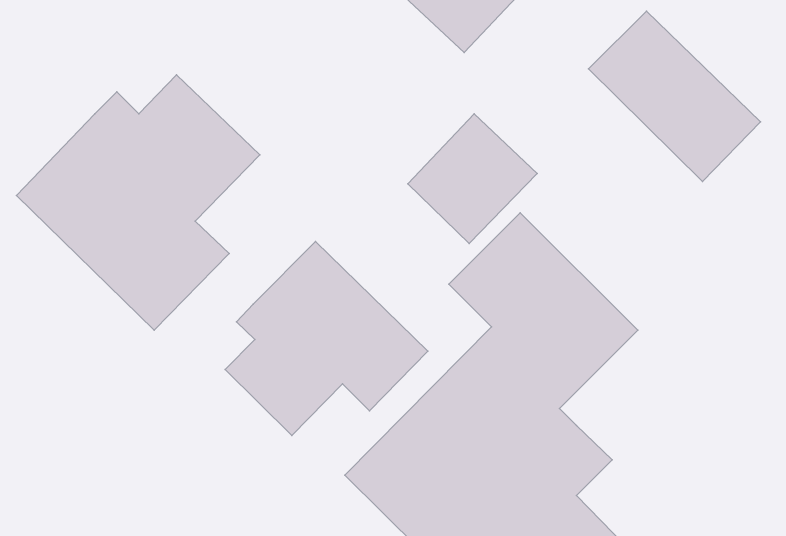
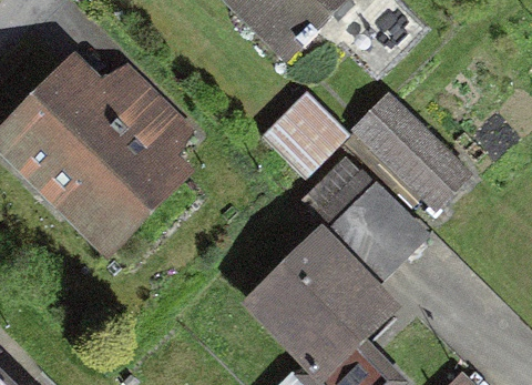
building: [589,11,761,181] -> [355,99,467,210]
building: [225,241,428,436] -> none

